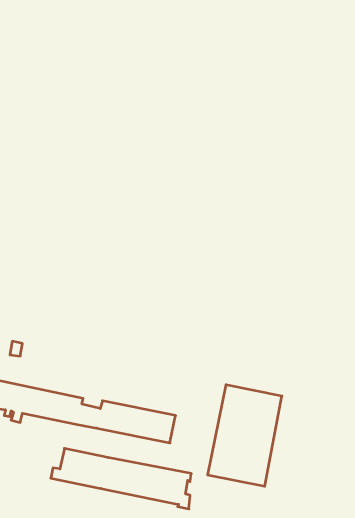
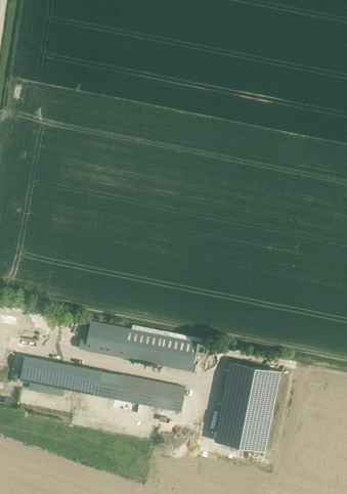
building: [51,448,191,509] -> [78,321,204,375]

